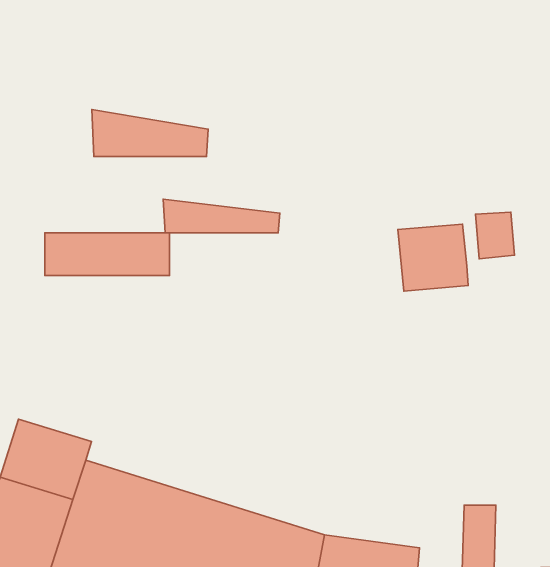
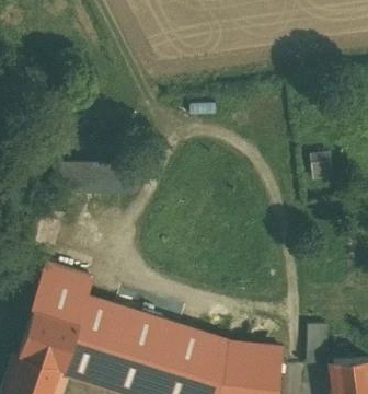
building: [92,109,208,157] -> none
building: [163,199,280,233] -> none
building: [398,224,468,291] -> none

